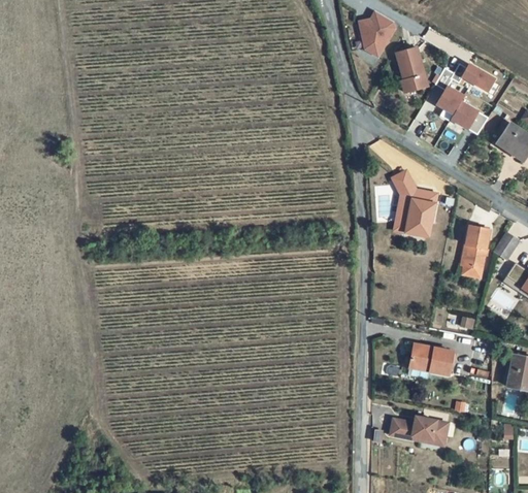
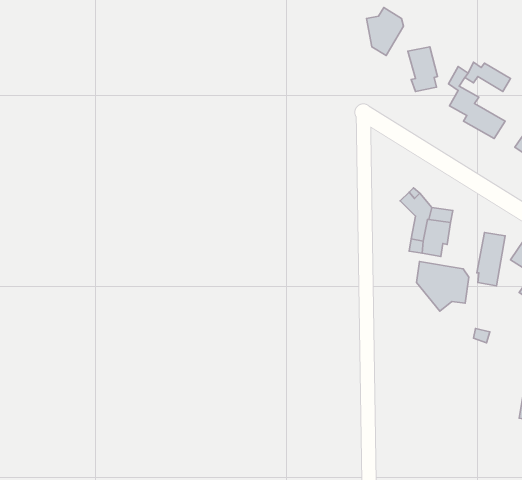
building: none -> [416,262,469,311]
building: [408,341,453,372] -> none
building: [391,416,449,440] -> none

